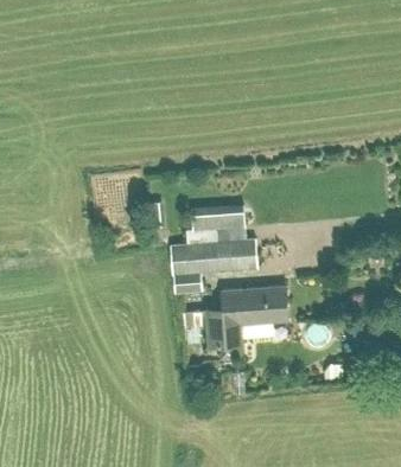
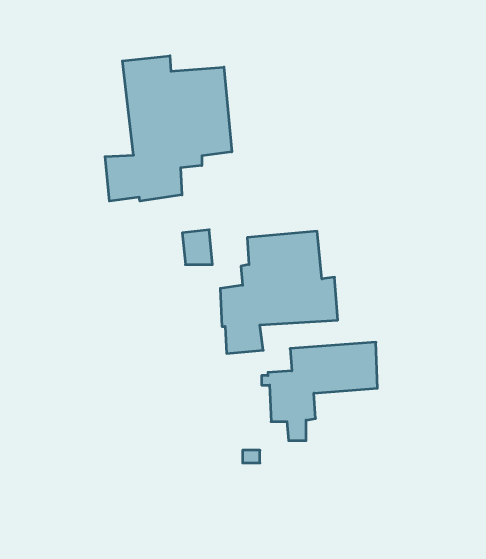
building: none -> [105,56,232,201]

